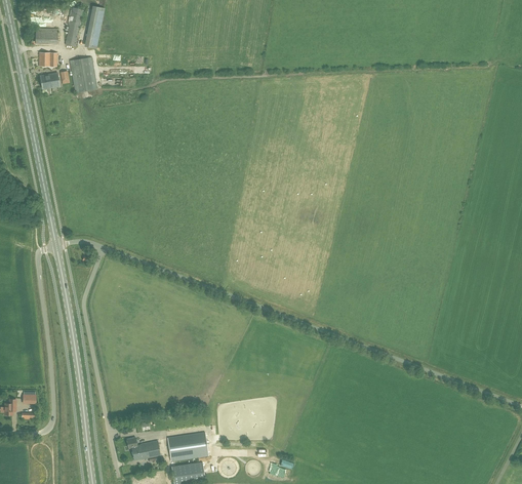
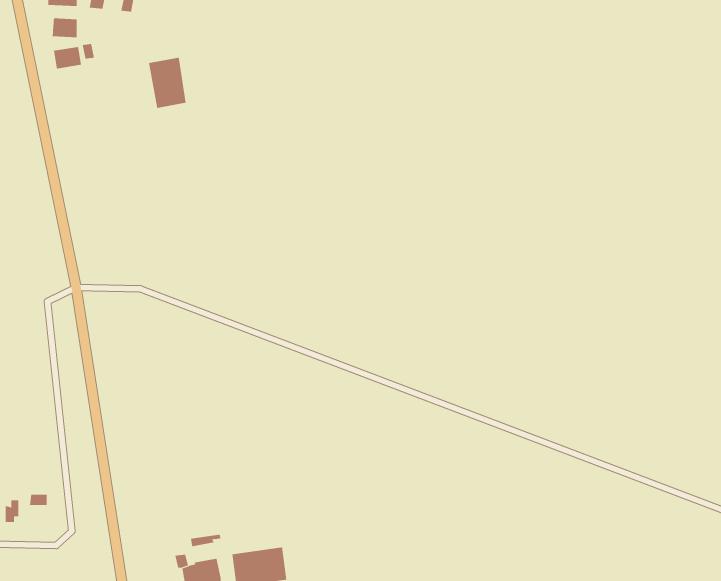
building: [69,55,96,92] -> [148,57,187,109]

